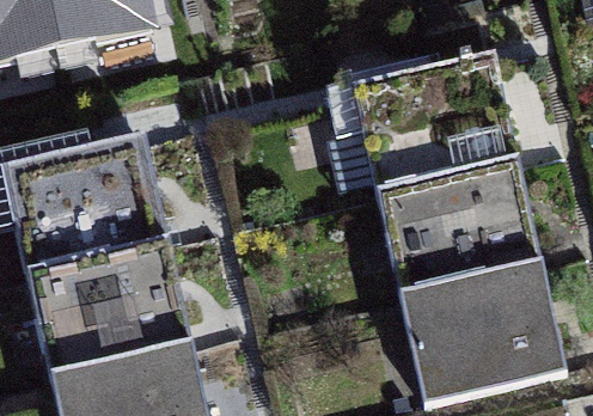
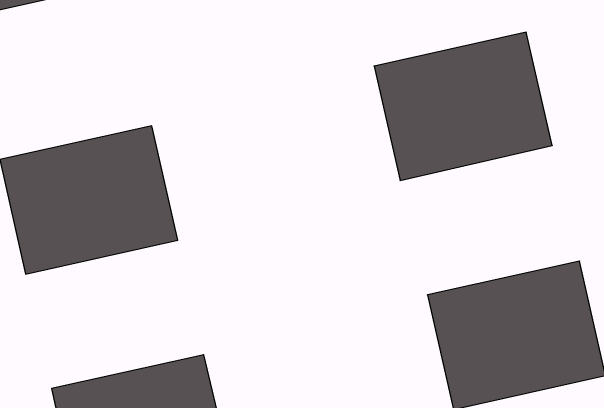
building: [375,160,540,298] -> none
building: [31,247,195,384] -> none

